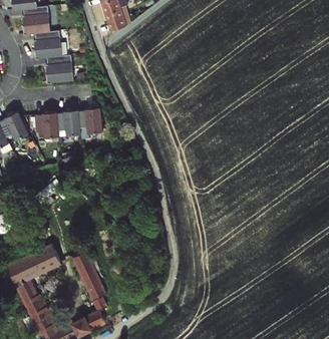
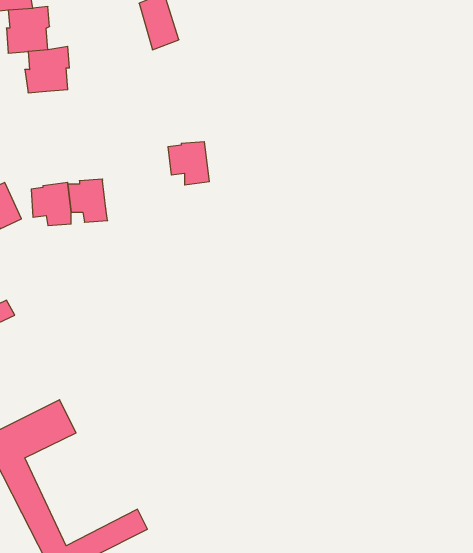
building: [43,55,70,83] -> none
building: [78,108,103,134] -> [168,142,209,185]
building: [73,252,106,310] -> none

